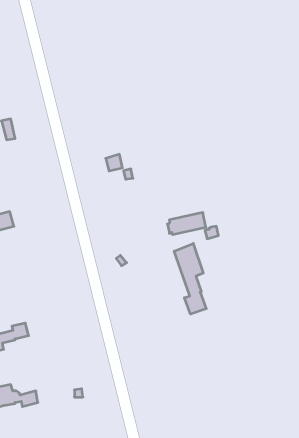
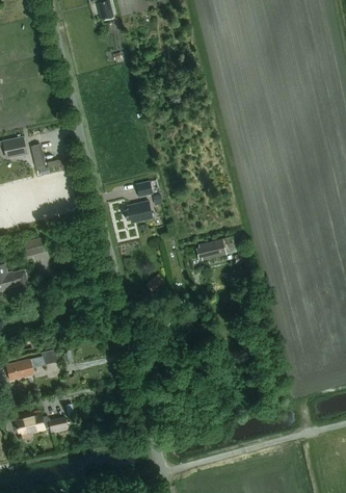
building: none -> [125,201,153,223]
building: [174,243,206,314] -> none

